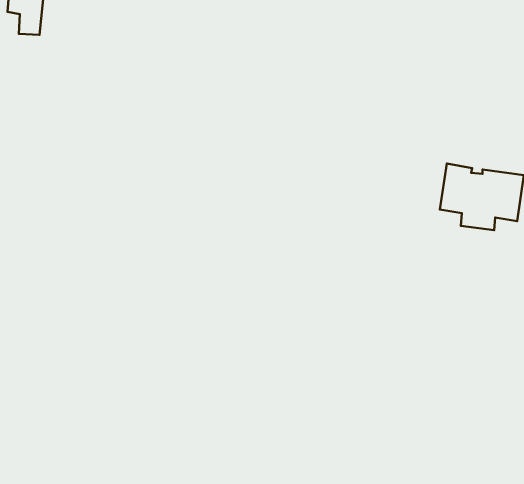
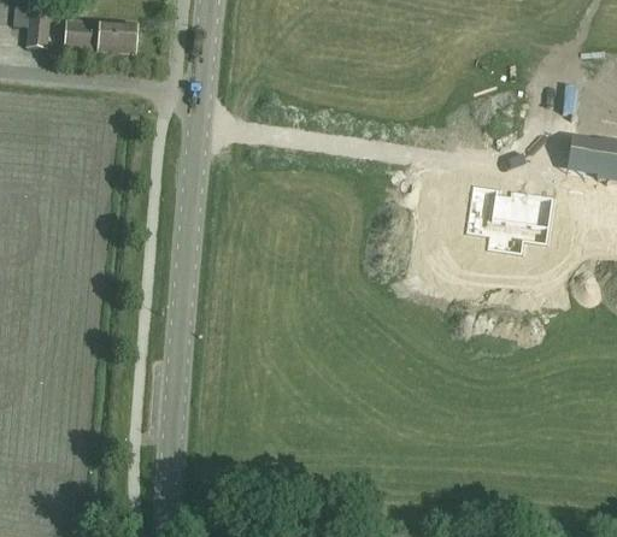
building: none -> [64,19,137,54]

